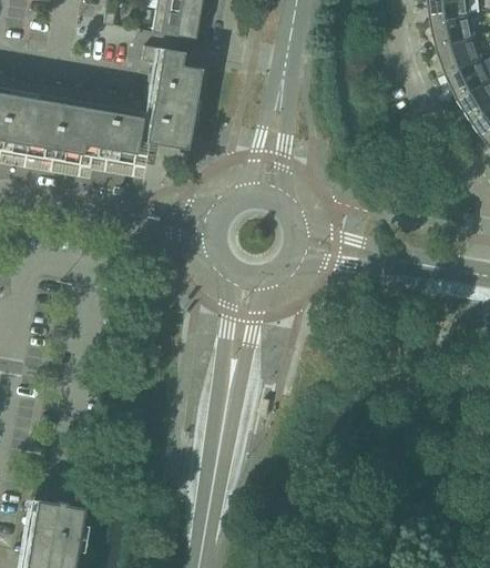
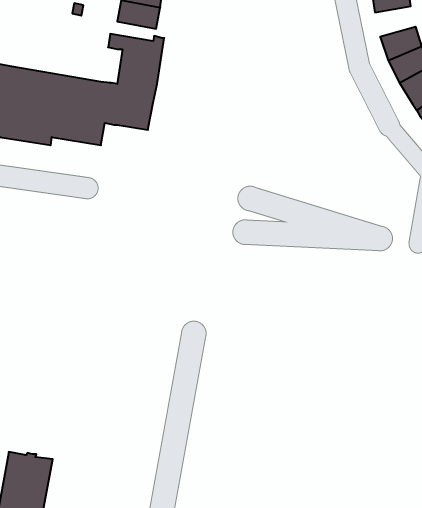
building: [432,19,477,52] -> none

